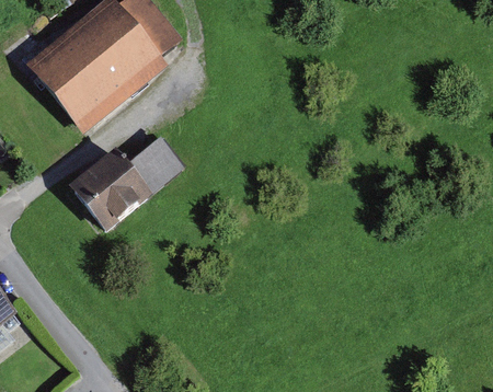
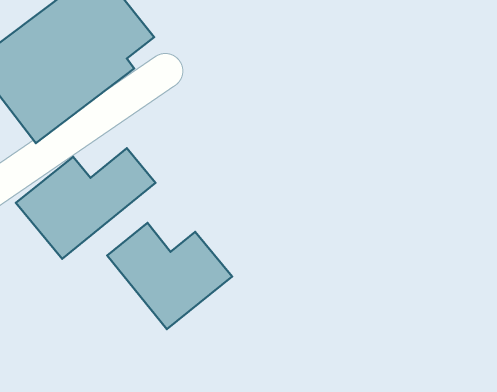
building: none -> [107,223,232,329]

